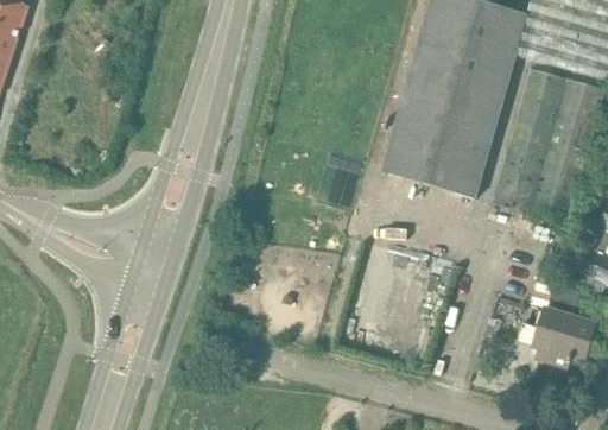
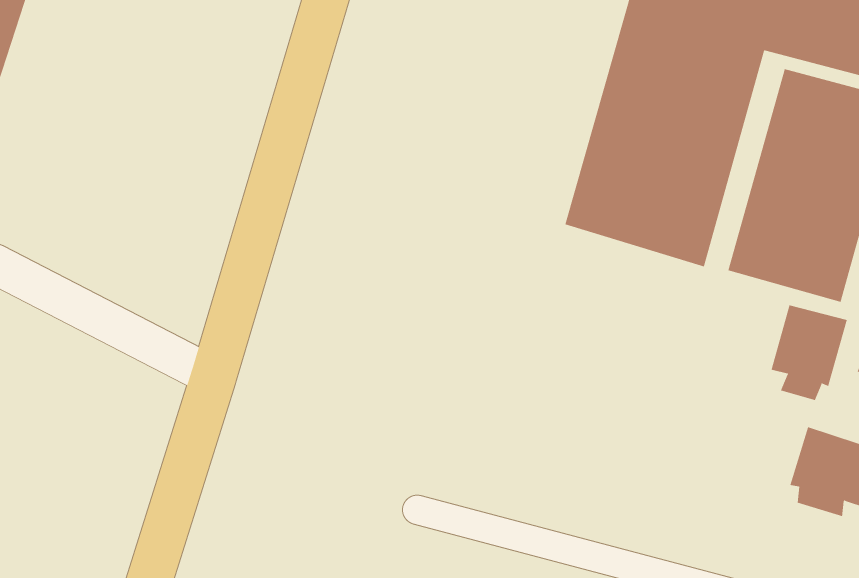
building: none -> [771,305,848,401]

